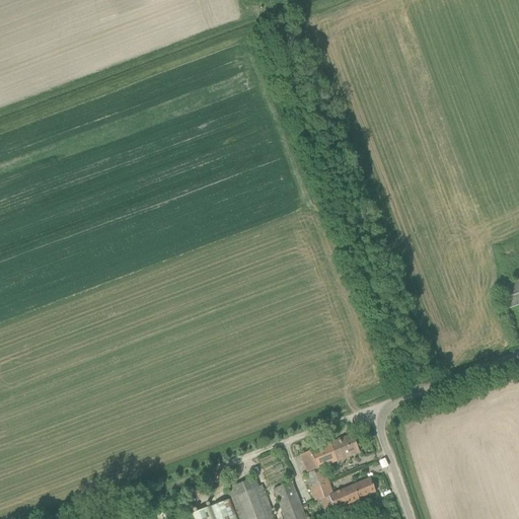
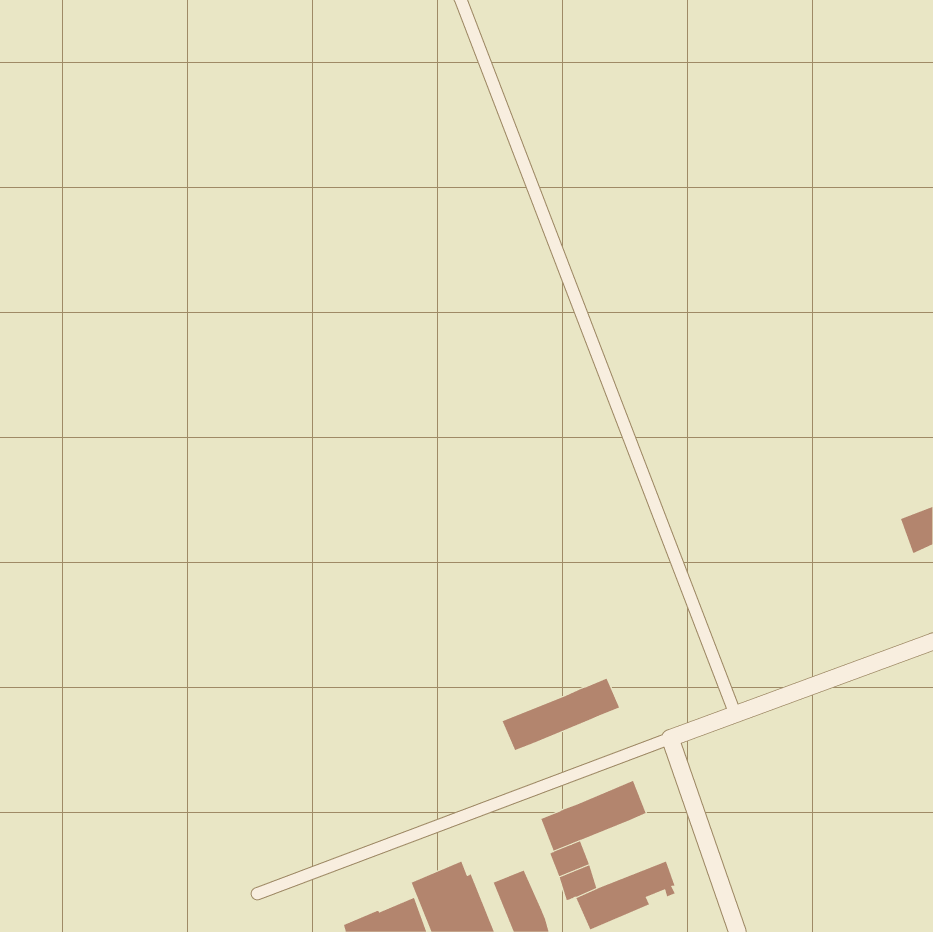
building: none -> [502,678,620,751]

